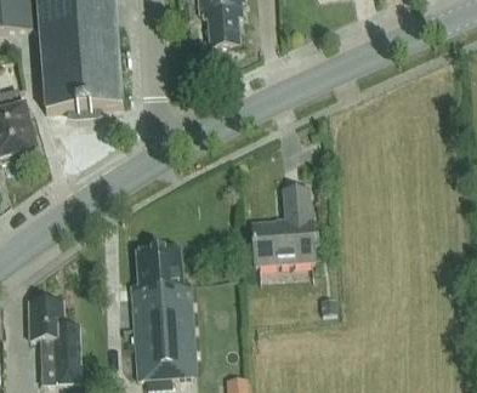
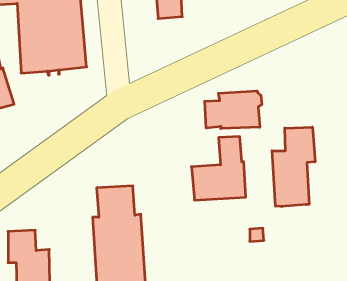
building: none -> [205,91,262,129]
building: none -> [272,127,315,207]

